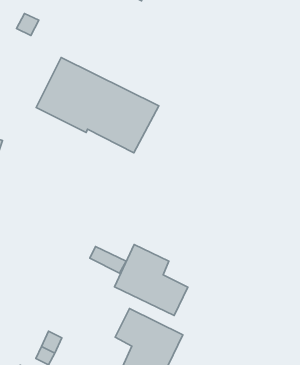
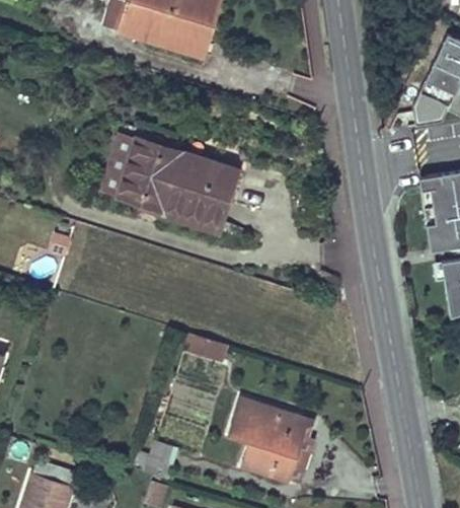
building: [115,245,188,316] -> none

